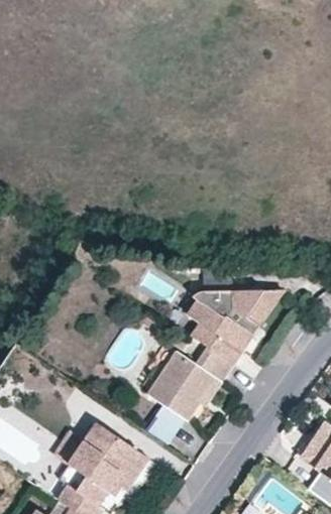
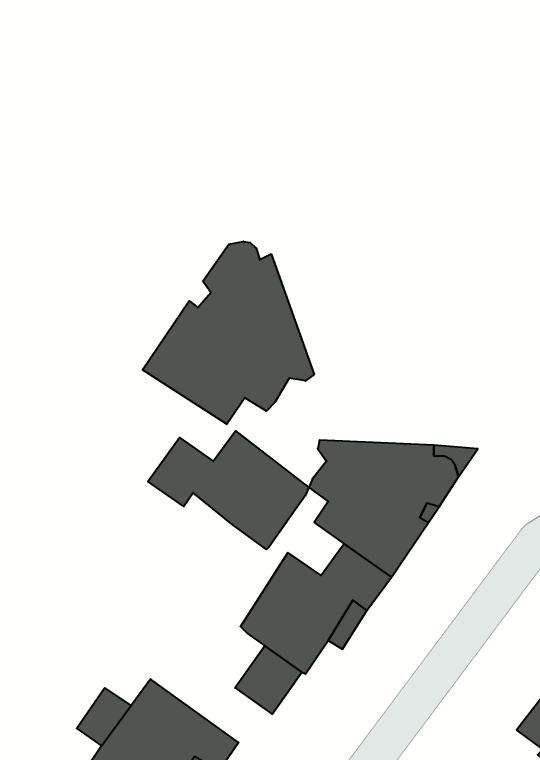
building: none -> [143,241,314,424]
building: none -> [148,431,309,549]

